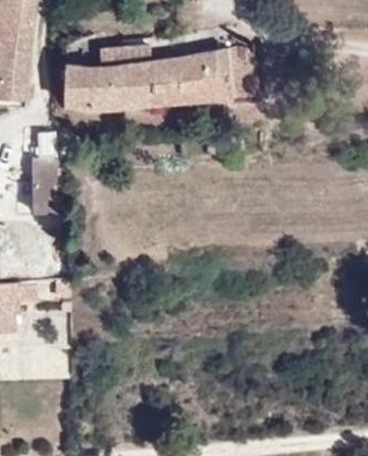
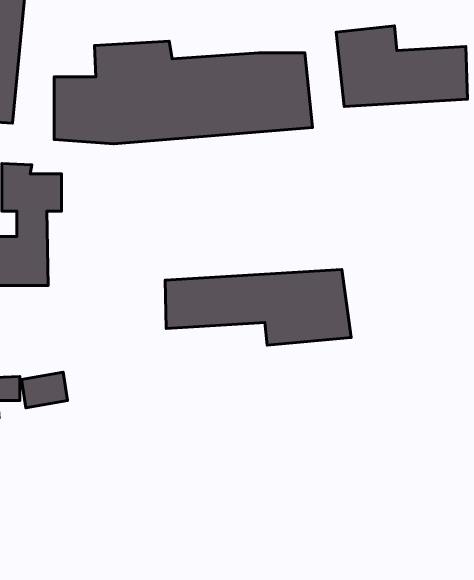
building: none -> [336,26,467,106]
building: none -> [165,270,351,345]

